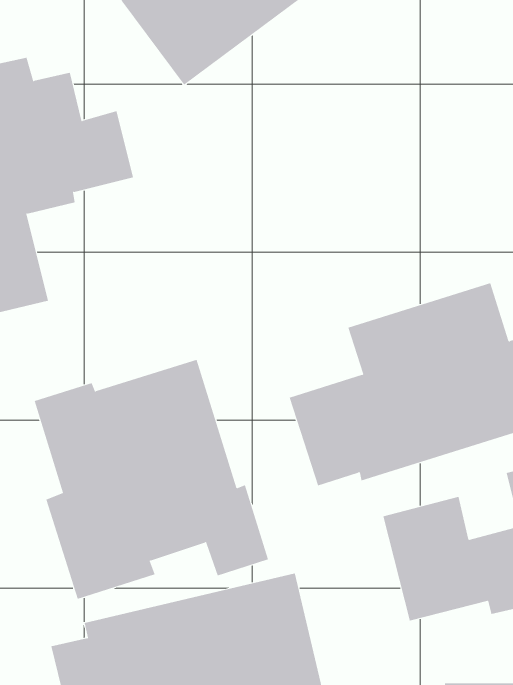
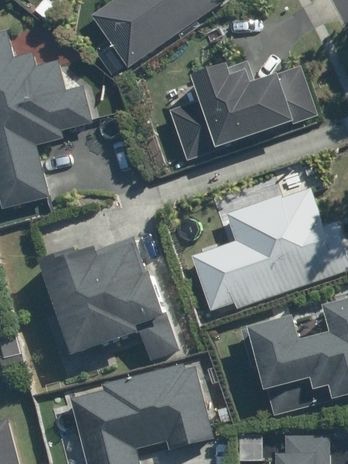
building: none -> [162,62,319,161]

